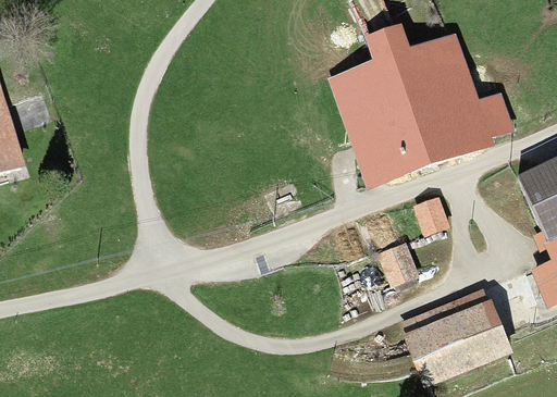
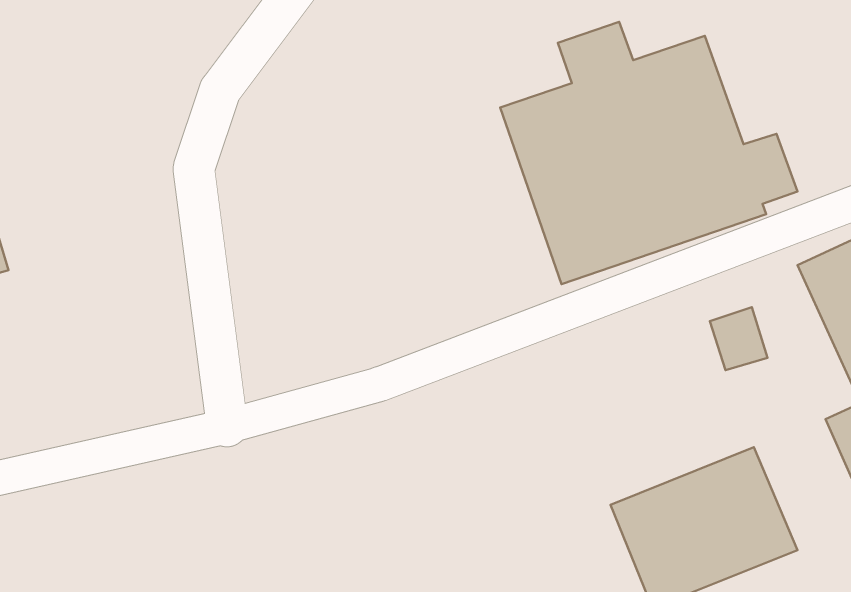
building: [413,197,449,236] -> [710,307,767,370]
building: [376,243,419,288] -> none

